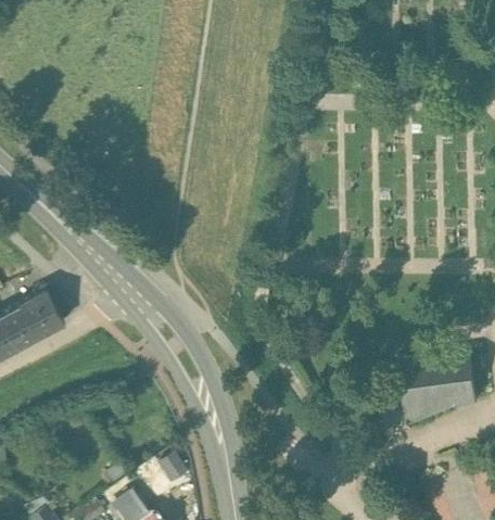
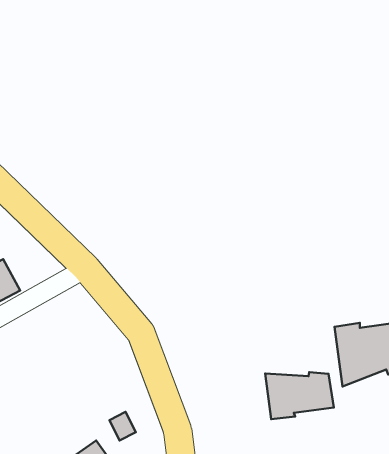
building: none -> [265,372,334,419]

